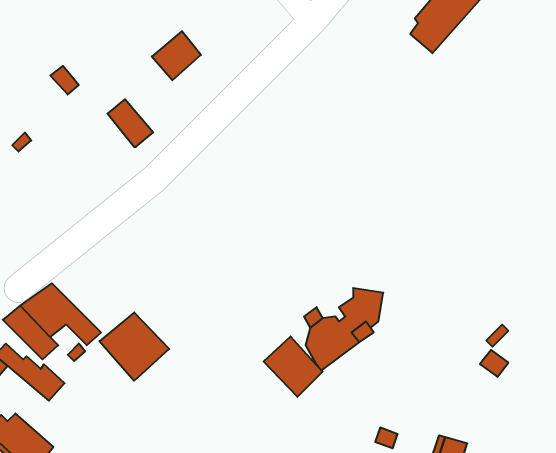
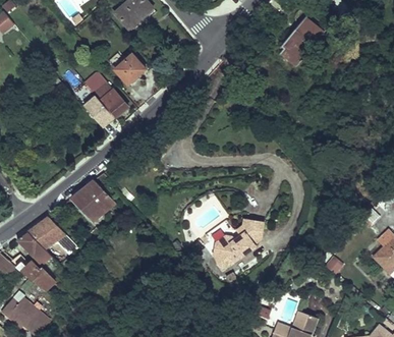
building: none -> [87,72,127,117]
building: [99,312,169,381] -> [71,179,116,223]
building: [264,336,323,397] -> none

